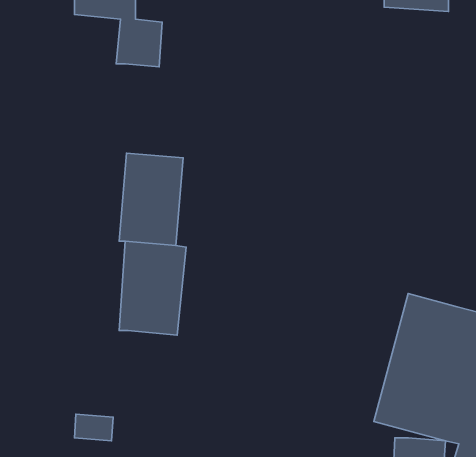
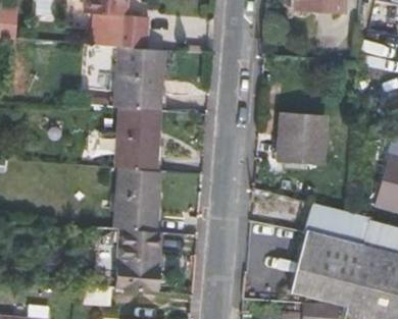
building: none -> [114,46,164,110]
building: none -> [279,112,327,165]
building: none -> [117,228,161,291]

